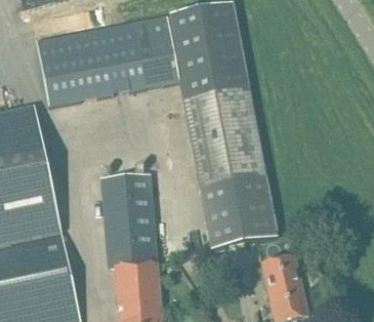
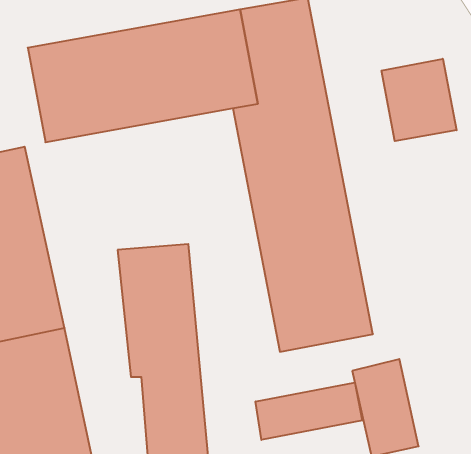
building: none -> [382,59,457,141]
building: none -> [256,383,362,440]

